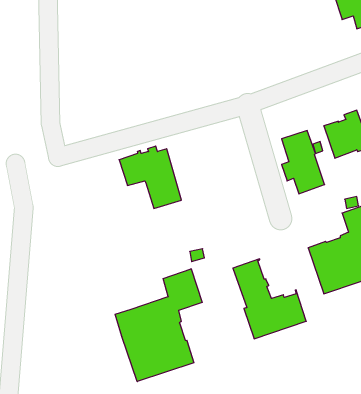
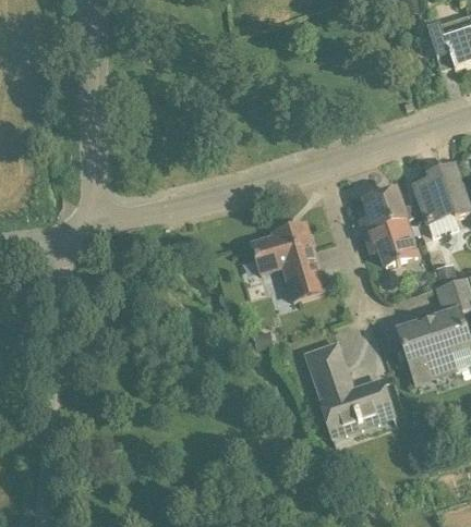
building: [119,146,181,208] -> [251,225,325,299]
building: [115,269,202,382] -> none

